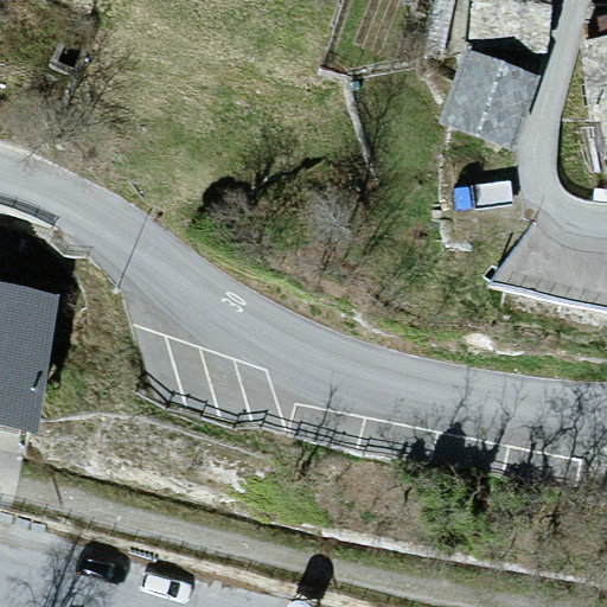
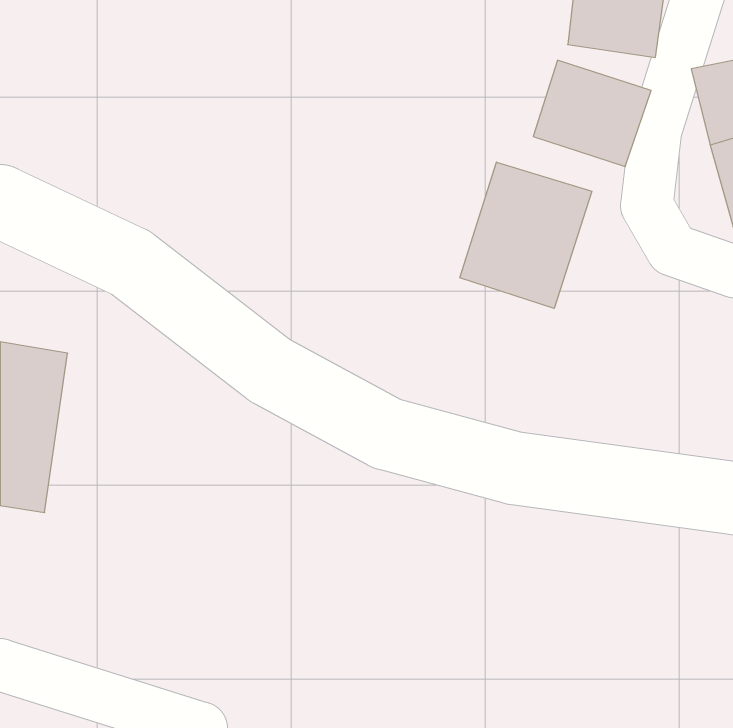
building: none -> [460,162,592,308]

